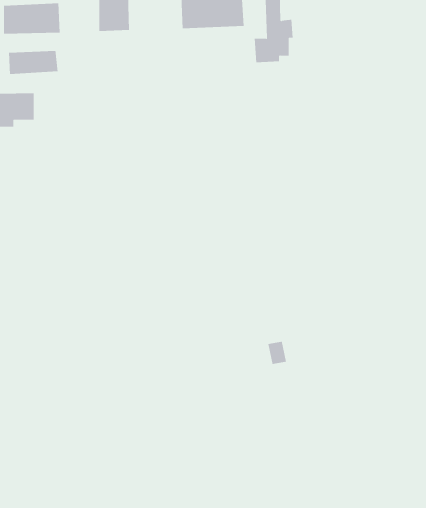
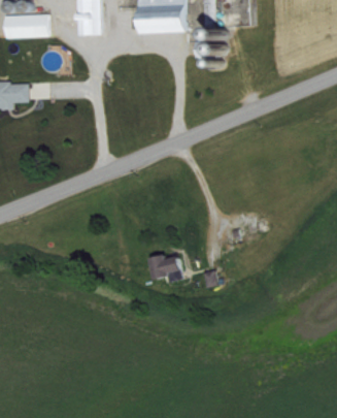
building: [8,50,58,75] -> none
building: none -> [149,254,182,282]

